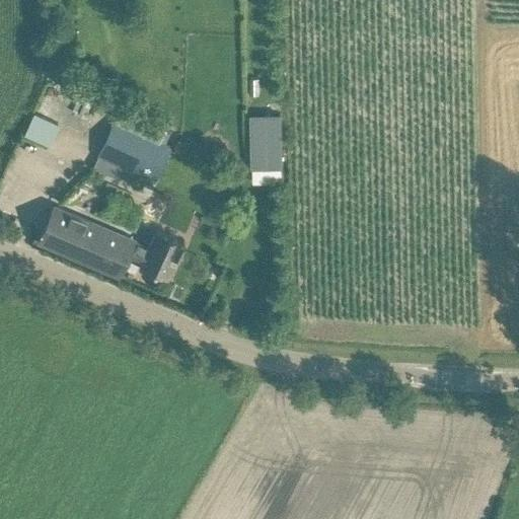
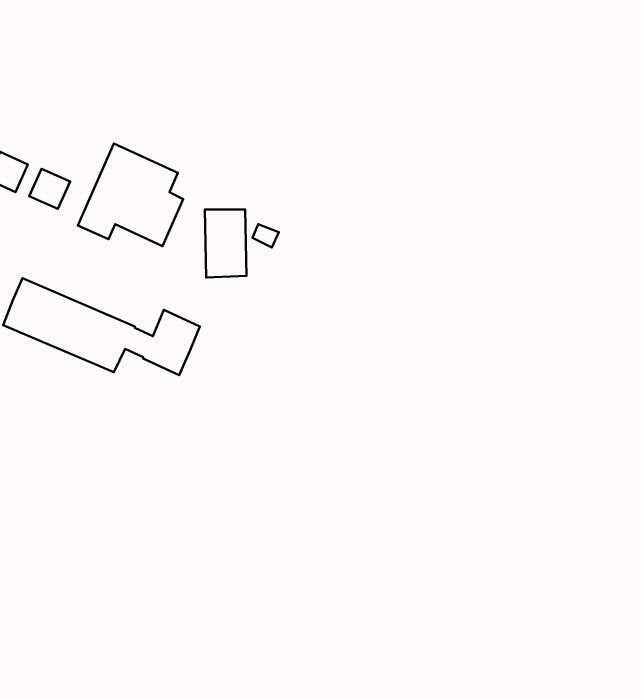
building: [252,119,283,168] -> [205,209,246,277]
building: none -> [29,169,70,209]

